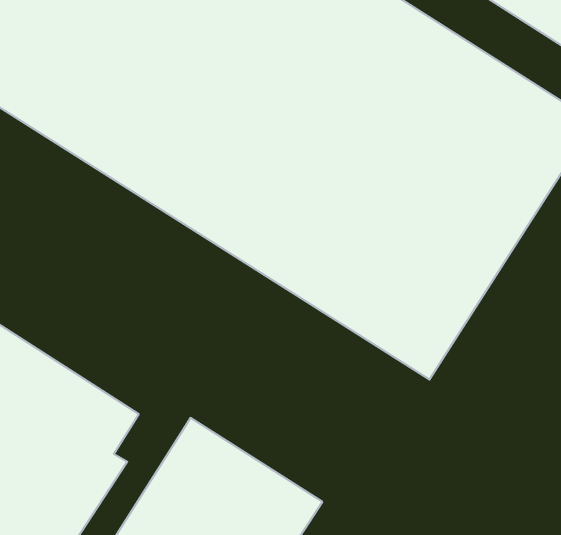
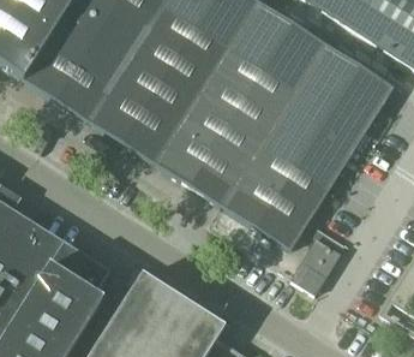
building: none -> [290,238,340,293]

